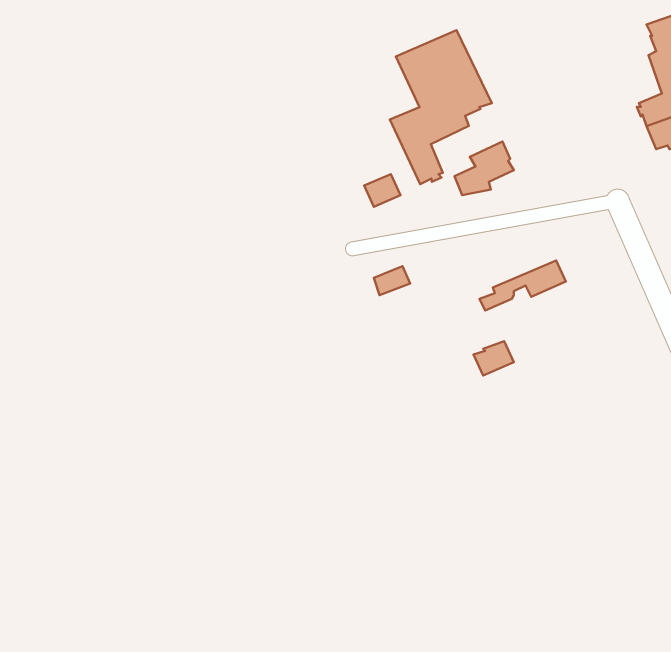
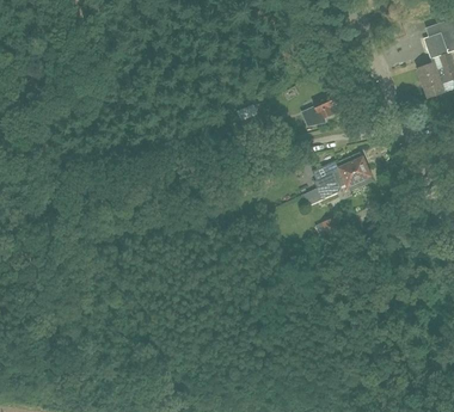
building: [390,30,492,184] -> none
building: none -> [313,152,366,191]

